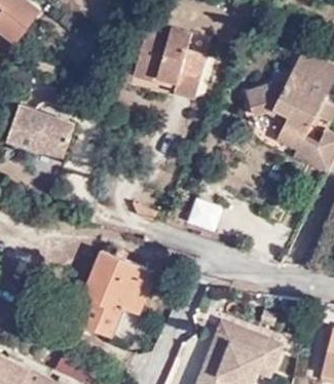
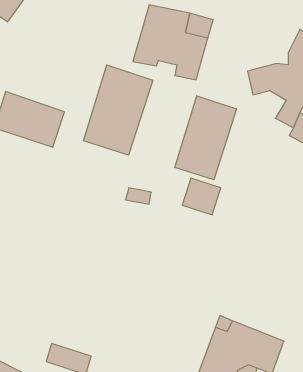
building: none -> [84,65,153,155]
building: none -> [175,96,237,180]
building: [67,249,152,335] -> none

